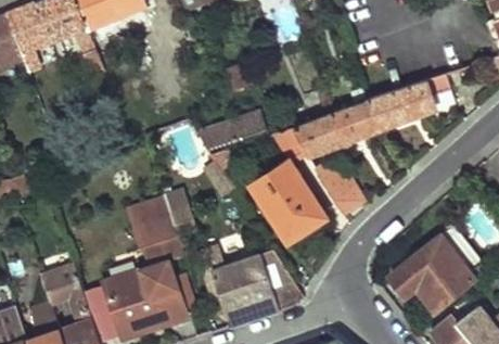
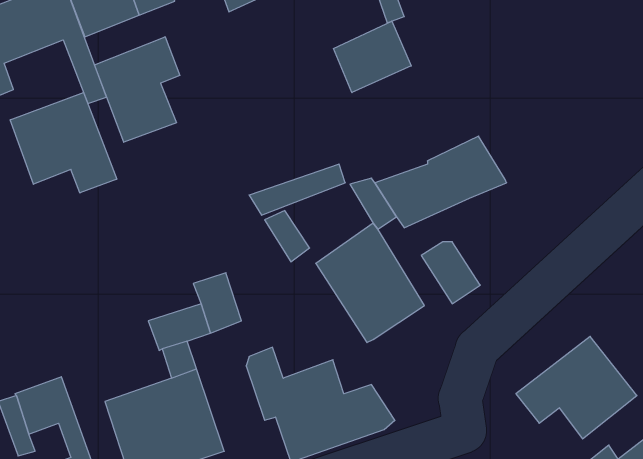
building: none -> [333,21,411,93]
building: none -> [94,37,180,142]
building: none -> [10,93,117,193]
building: [361,74,449,128] -> none

